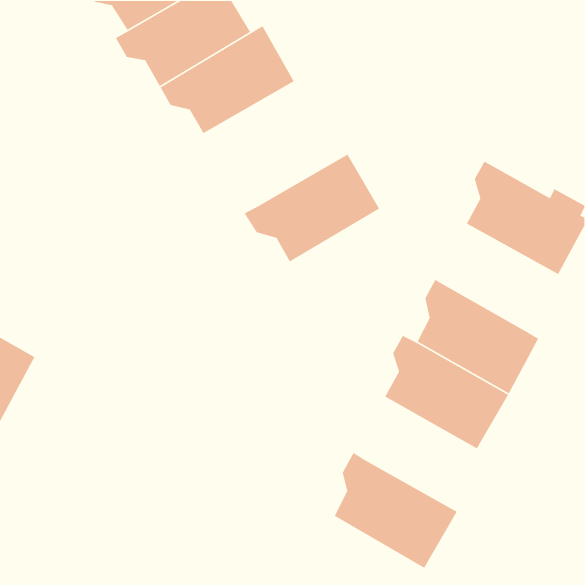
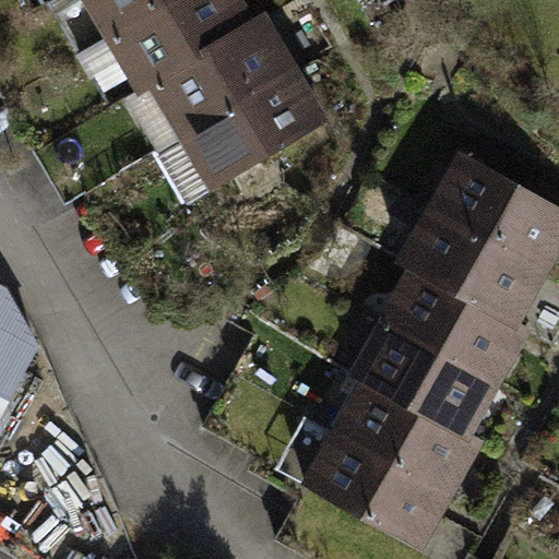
building: [244,154,380,263] -> [181,79,311,182]
building: none -> [414,207,532,317]
building: none -> [348,379,465,488]

